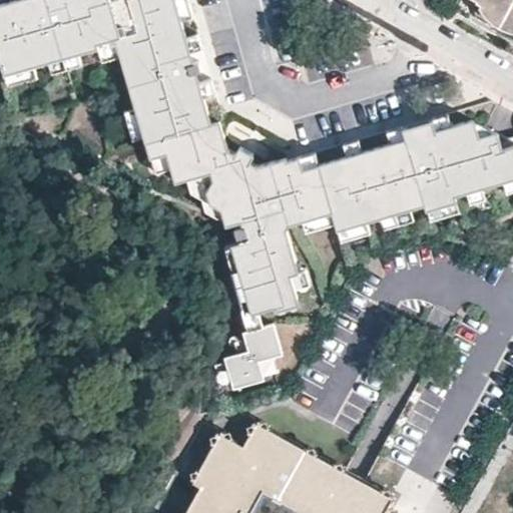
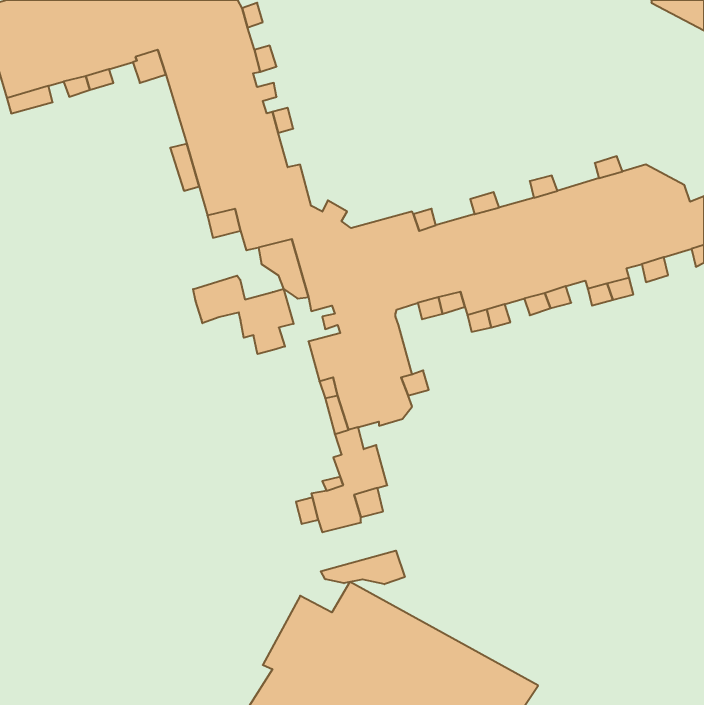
building: none -> [193,276,294,354]
building: none -> [321,551,405,584]

